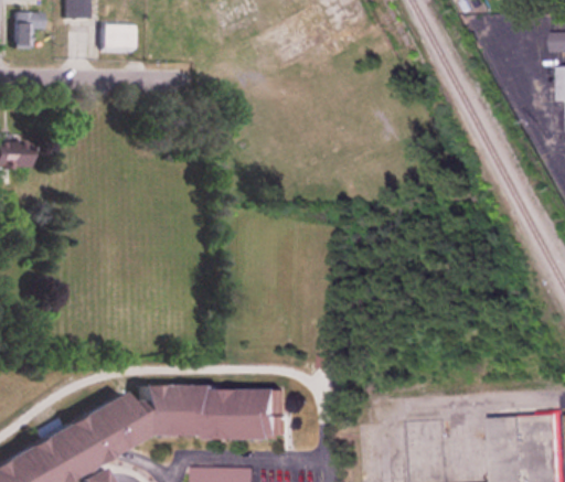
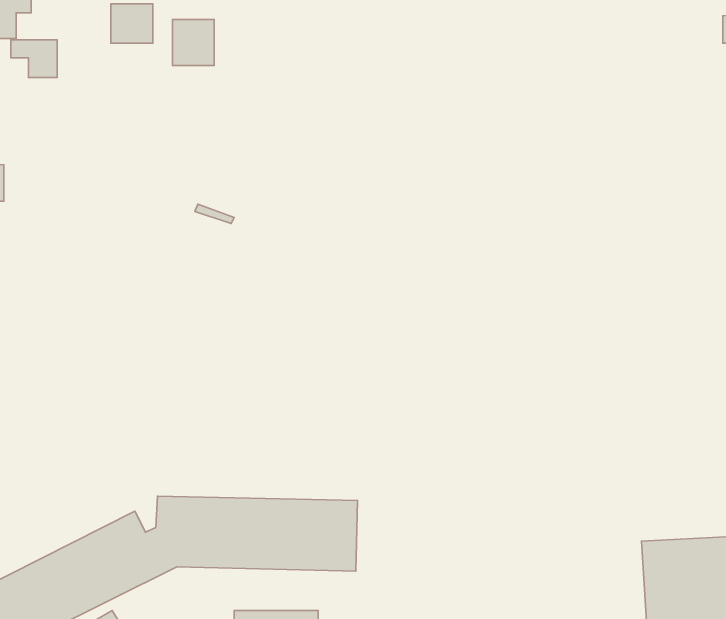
building: none -> [173,19,214,66]
building: none -> [11,40,57,77]

